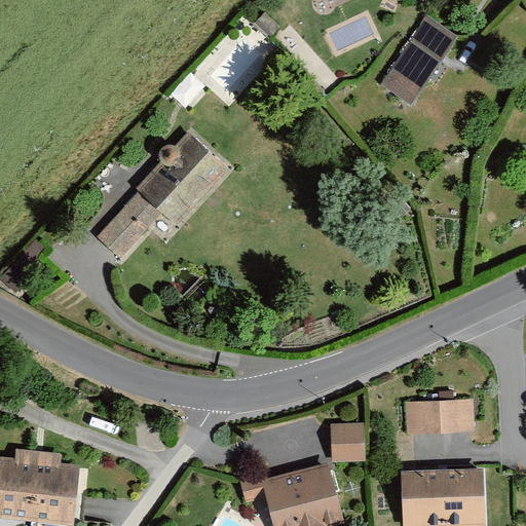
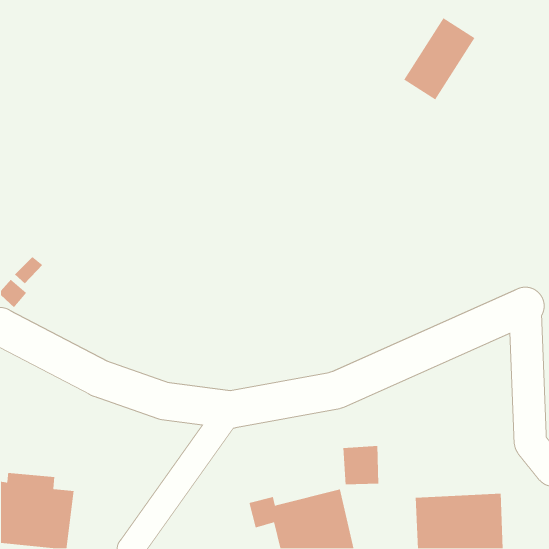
building: [98,134,227,258] -> none
building: [405,400,474,437] -> none

